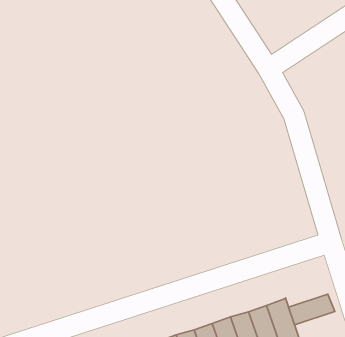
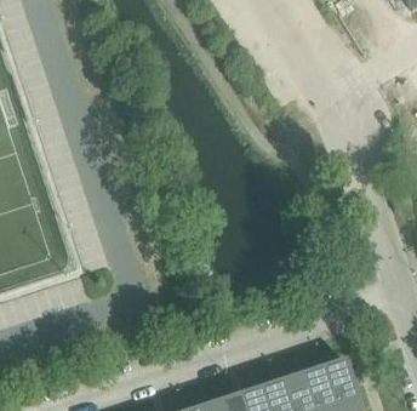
building: [289,294,335,325] -> none

